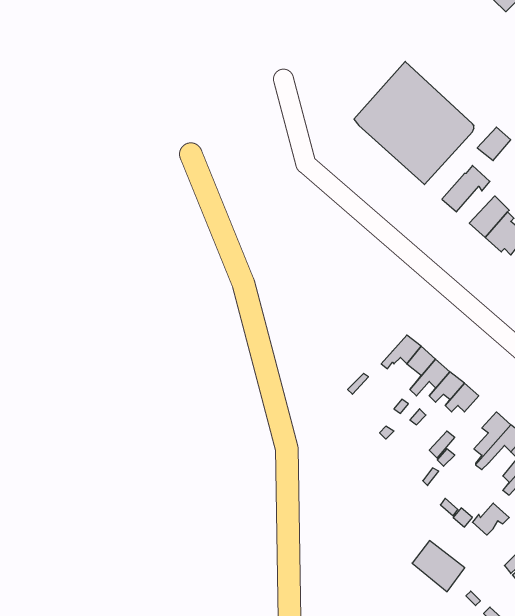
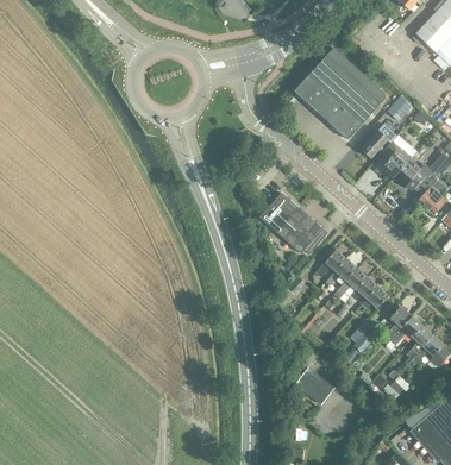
building: none -> [259,191,328,253]
building: [412,541,465,592] -> [295,366,334,404]

